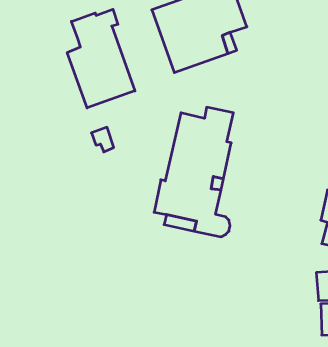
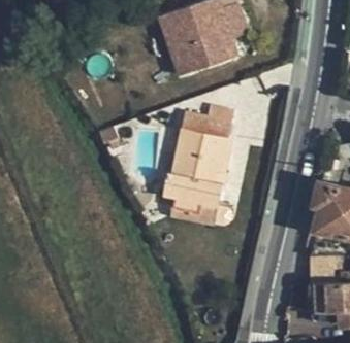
building: [67,9,135,108] -> none

